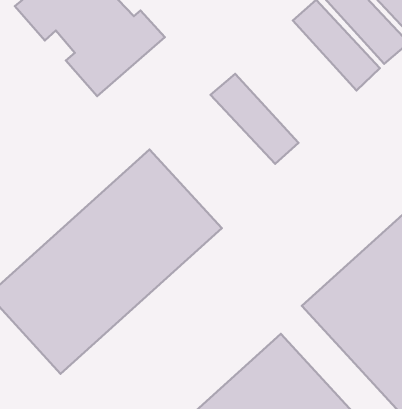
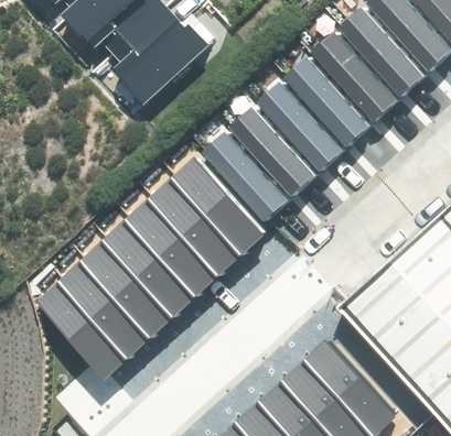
building: none -> [309,31,396,121]
building: none -> [281,56,367,146]
building: none -> [227,107,313,197]
building: none -> [200,132,286,222]

